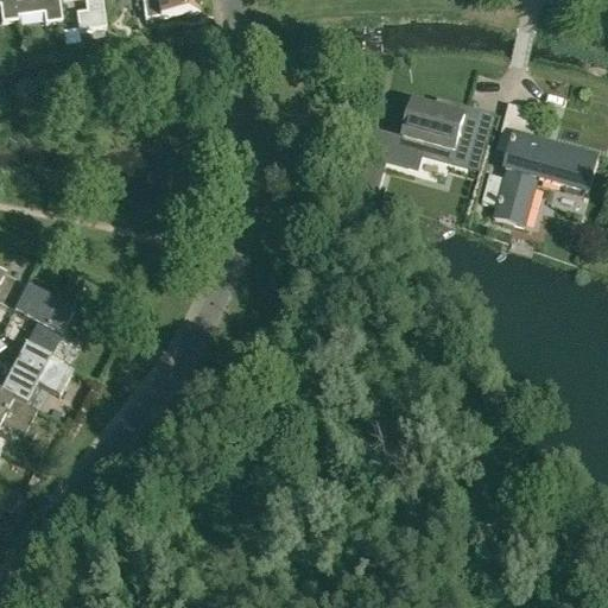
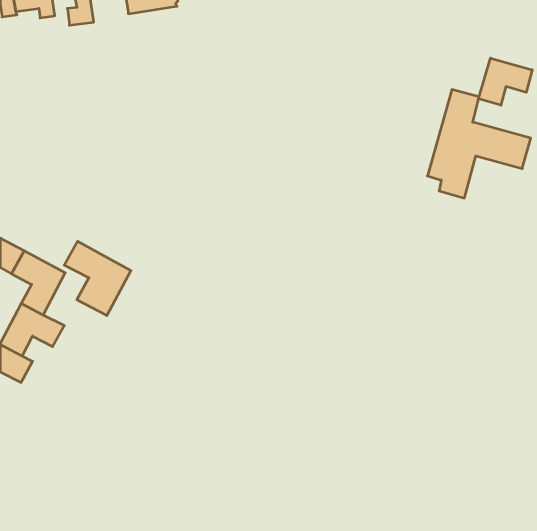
building: none -> [479,58,532,105]
building: [384,99,492,175] -> none
building: none -> [64,241,131,316]

